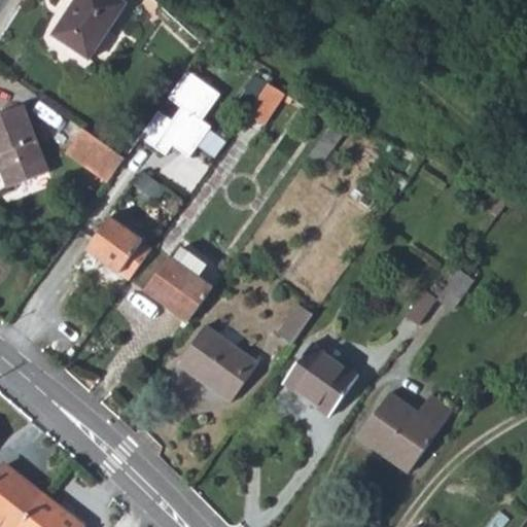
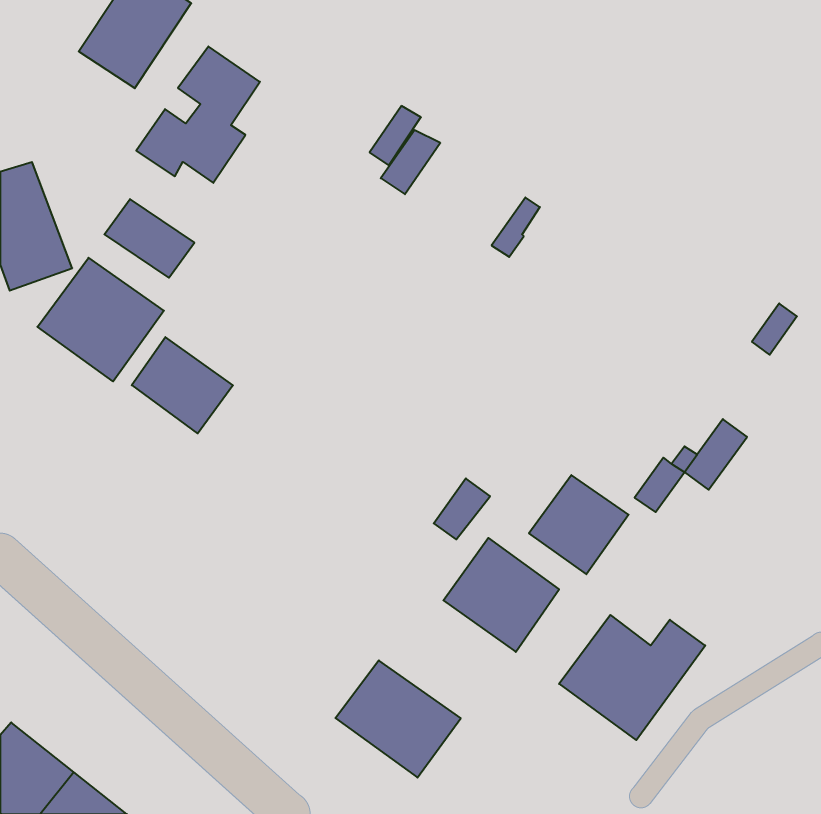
building: [140,67,219,154] -> [136,46,260,183]
building: none -> [37,258,164,381]
building: [140,242,211,320] -> none
building: none -> [529,475,629,574]
building: [180,329,260,405] -> [335,660,461,778]

